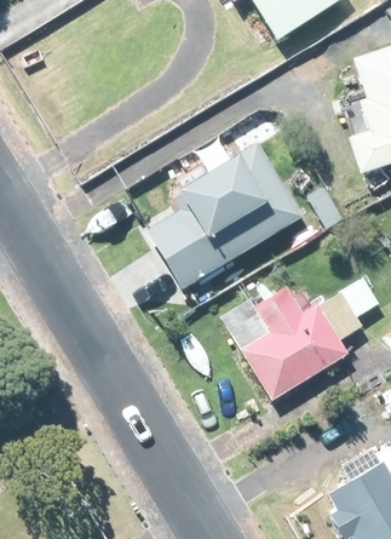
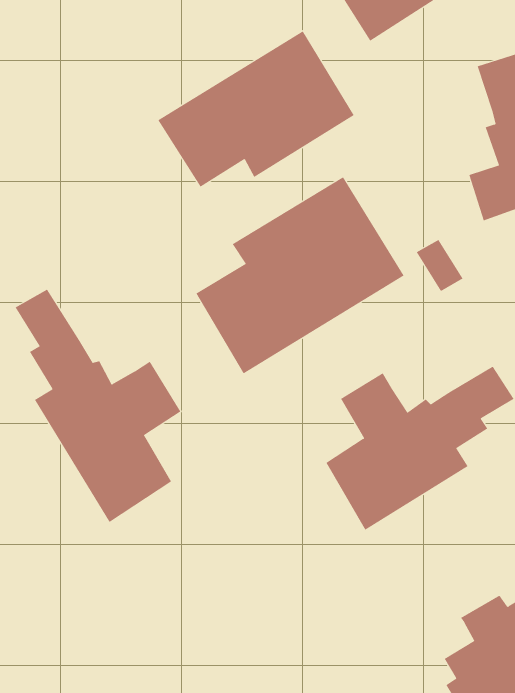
building: none -> [158,31,354,187]
building: none -> [15,289,181,523]

